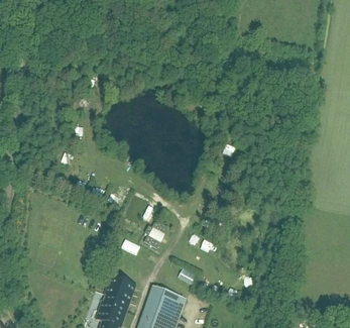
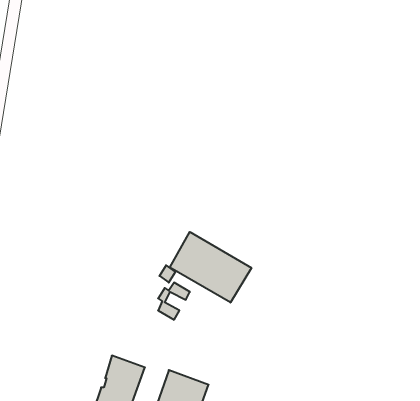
building: none -> [170,232,251,303]

